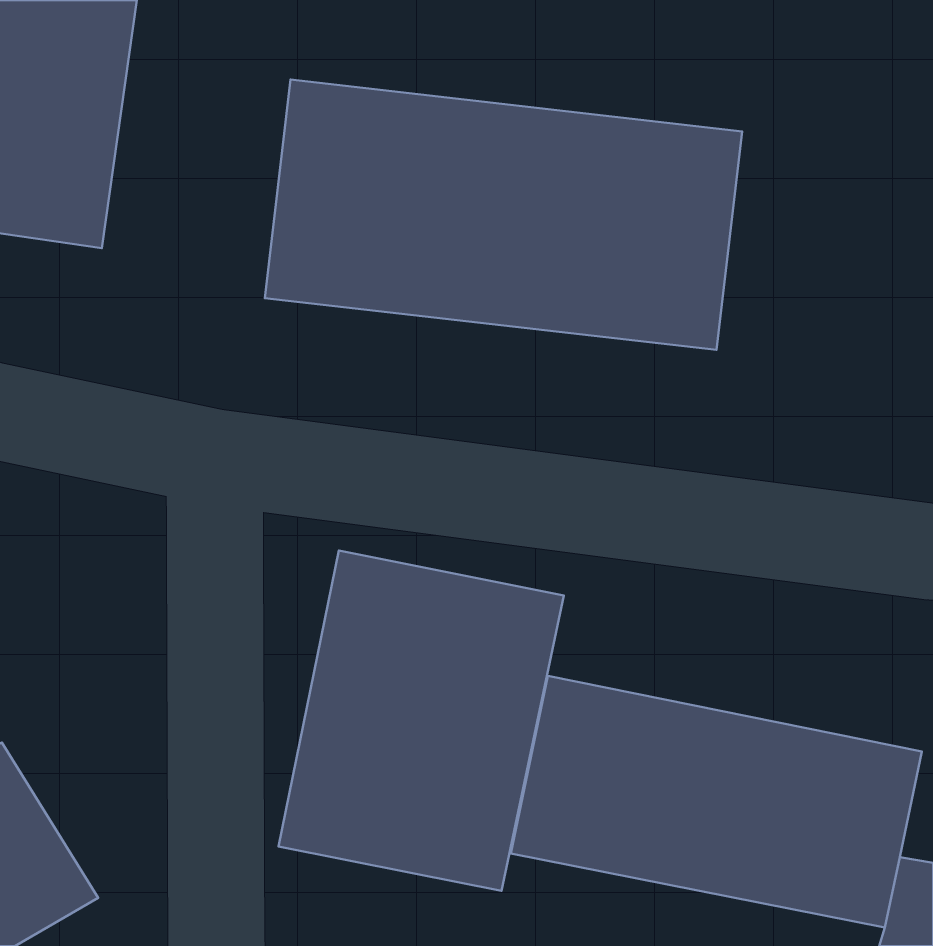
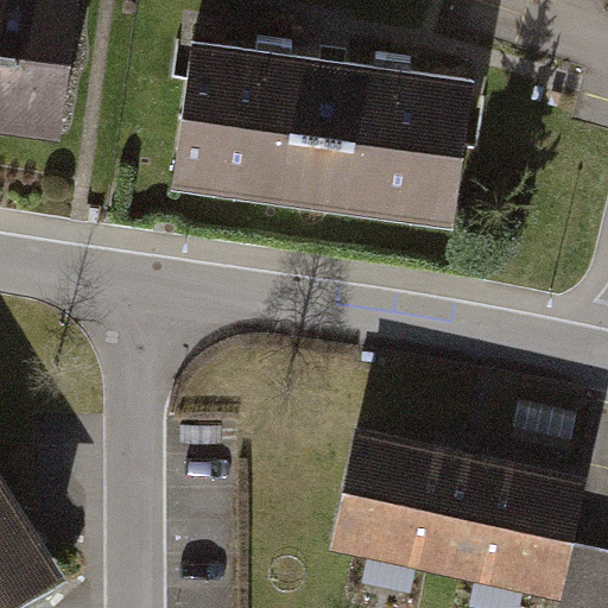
building: [279,551,564,891] -> none

